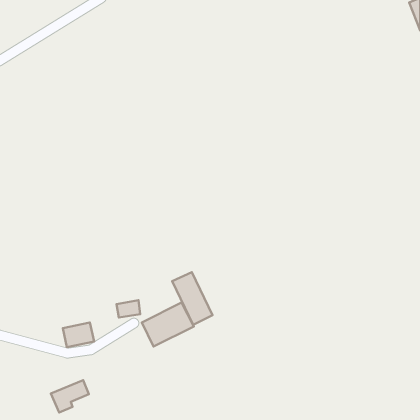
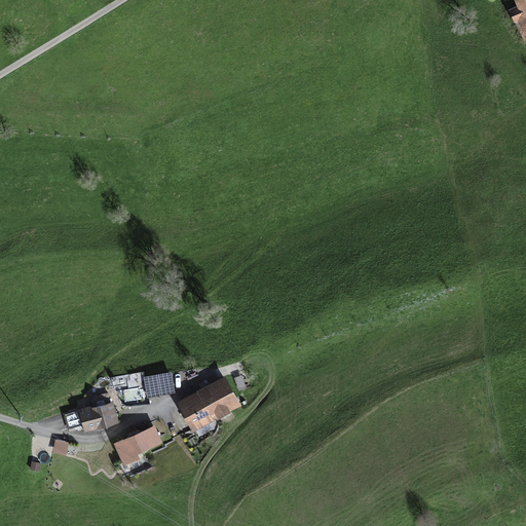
building: [172,272,212,325] -> none
building: [51,380,89,413] -> [114,425,161,465]

